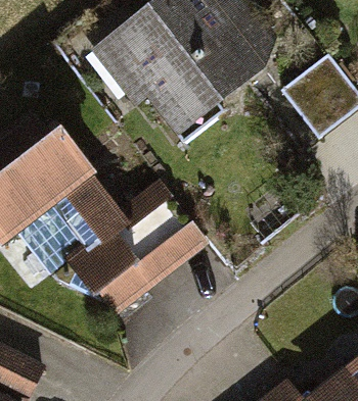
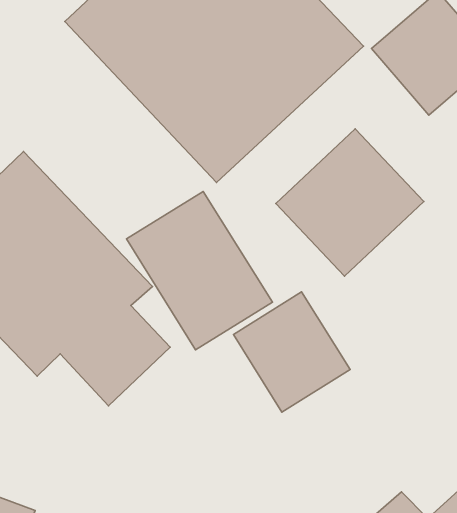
building: none -> [276,129,424,276]
building: none -> [233,292,350,412]

